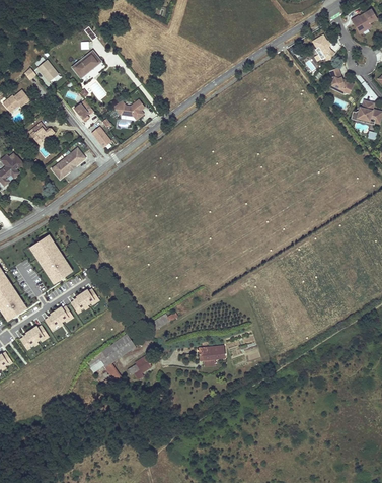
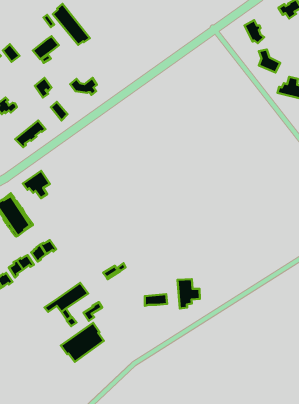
building: none -> [53,4,90,45]
building: none -> [23,171,50,198]
building: none -> [178,279,200,309]
building: none -> [61,323,104,362]

